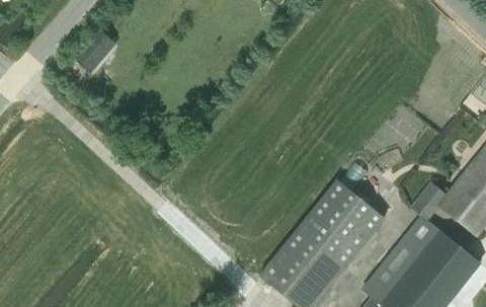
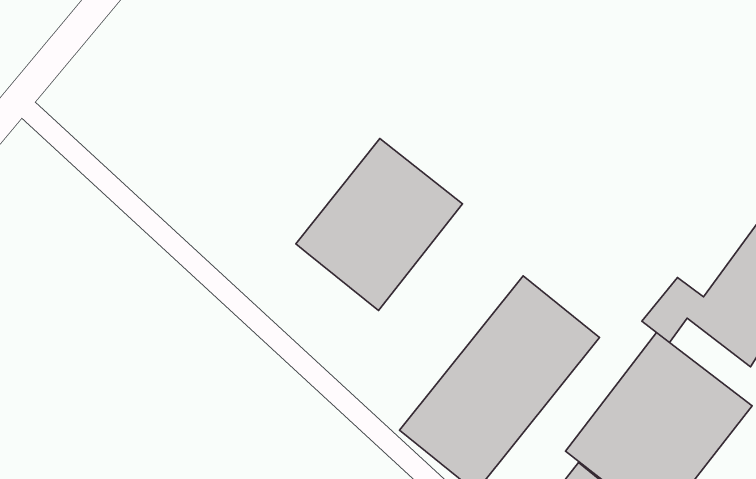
building: [76,30,112,69] -> none
building: none -> [296,139,462,310]

